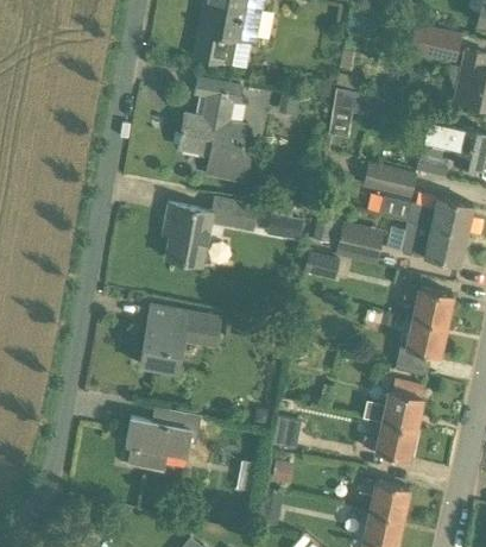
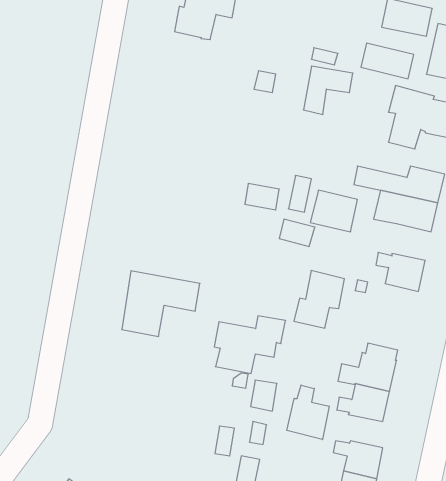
building: [178,78,251,183] -> none
building: [362,162,417,199] -> [361,43,414,79]
building: [164,197,258,266] -> none
building: [395,317,447,377] -> [294,271,344,328]
building: [126,411,200,471] -> [214,316,286,373]
building: none -> [287,385,329,440]

